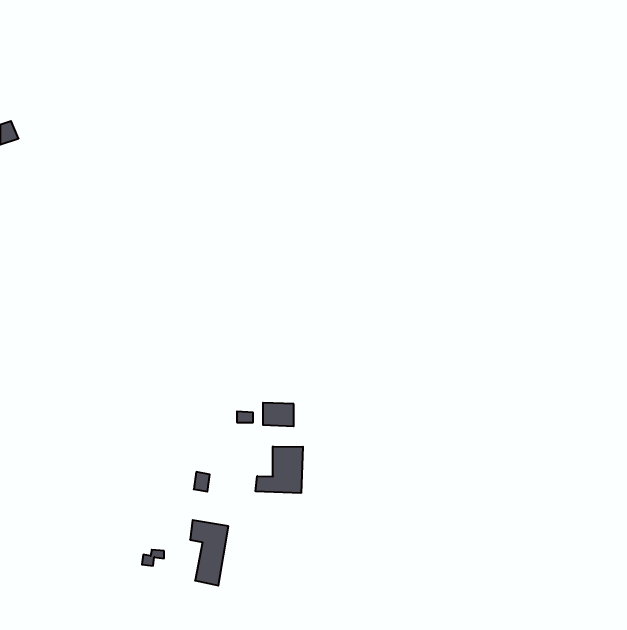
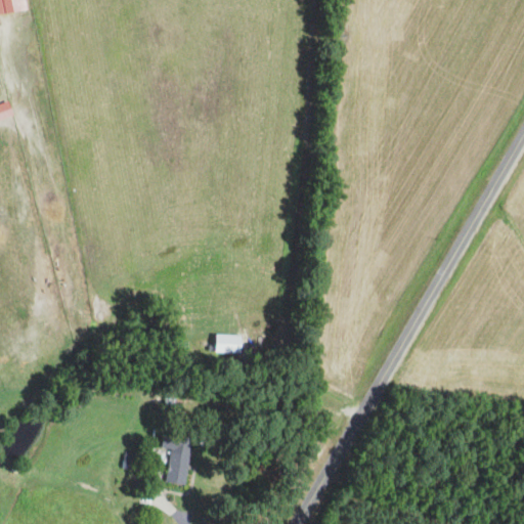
building: [256,446,303,493] -> none

